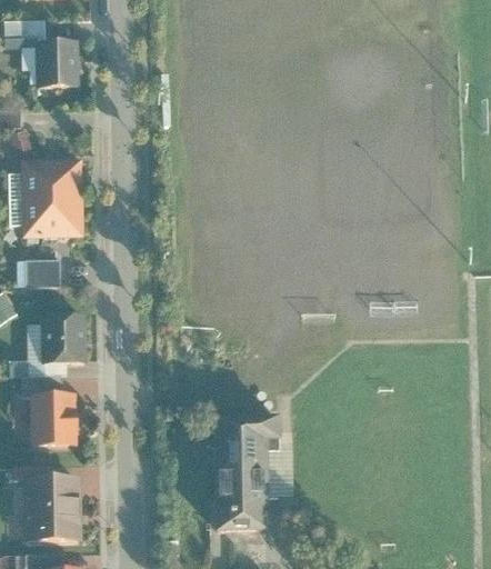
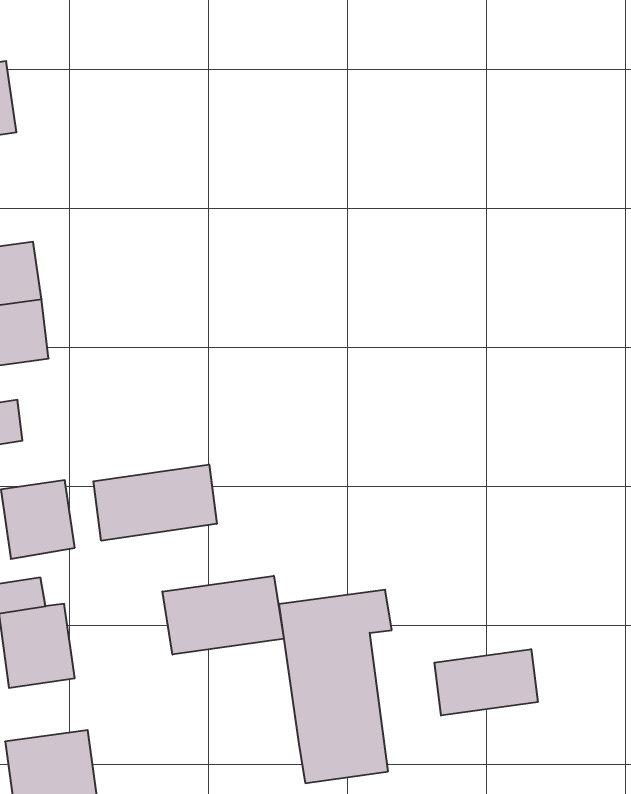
building: none -> [93,464,217,541]
building: none -> [162,576,284,655]
building: none -> [434,649,538,716]

